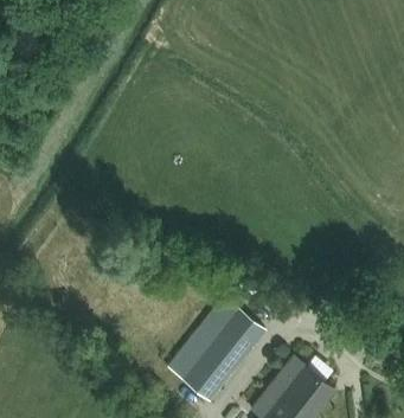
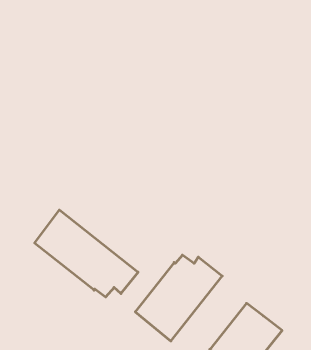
building: none -> [35,210,138,297]

